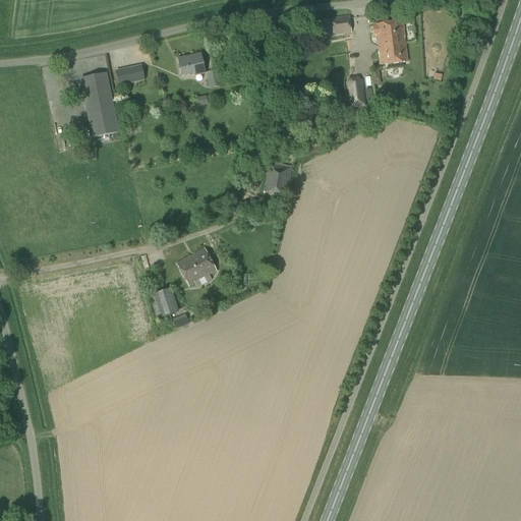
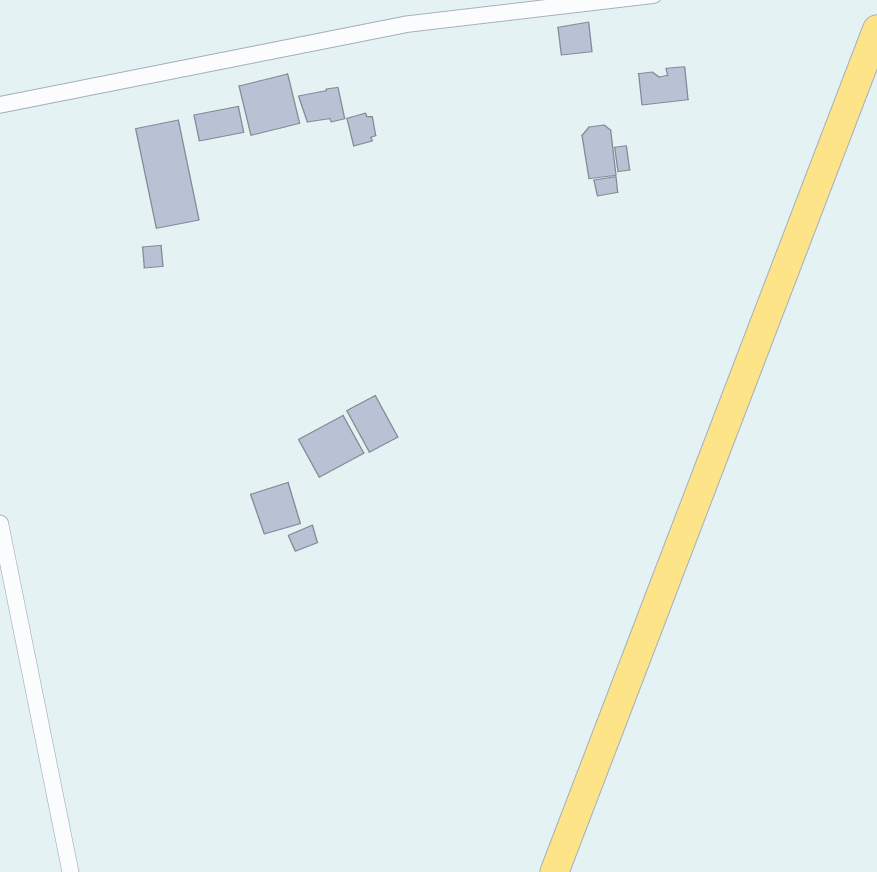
building: [375,19,406,46] -> none
building: none -> [239,74,300,135]
building: [263,164,291,192] -> none
building: none -> [347,395,398,452]

